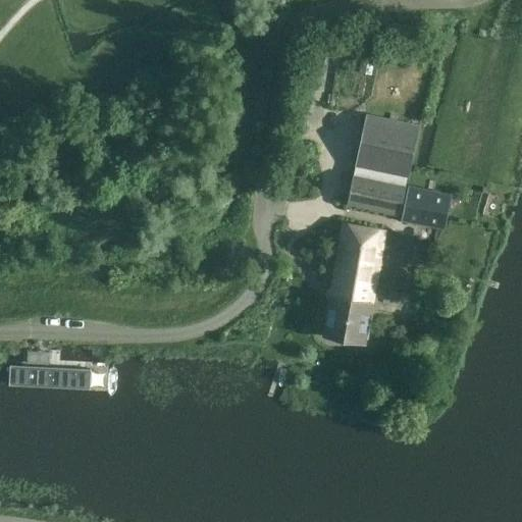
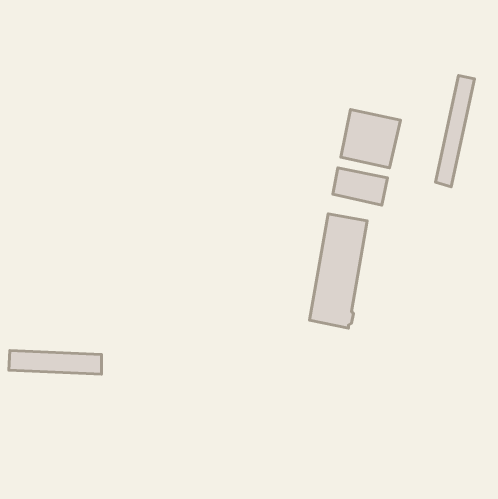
building: none -> [436,76,475,187]
building: [403,188,450,228] -> none

